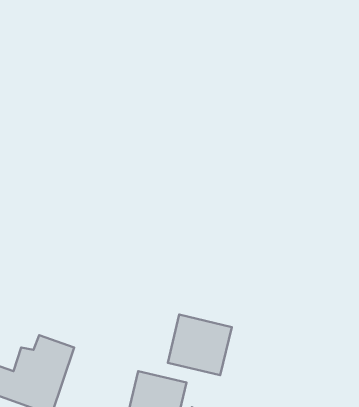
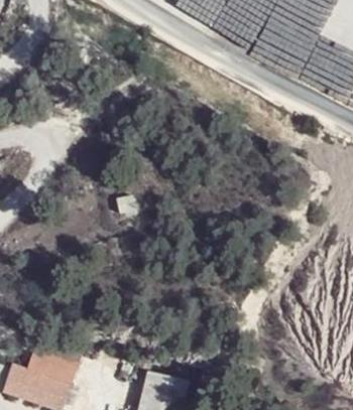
building: [168,315,232,375] -> none

